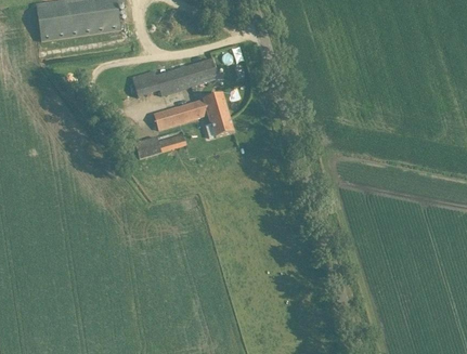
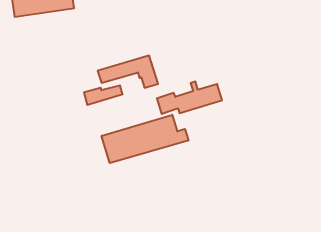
building: [131,53,219,96] -> [157,82,222,114]
building: none -> [102,115,188,163]

